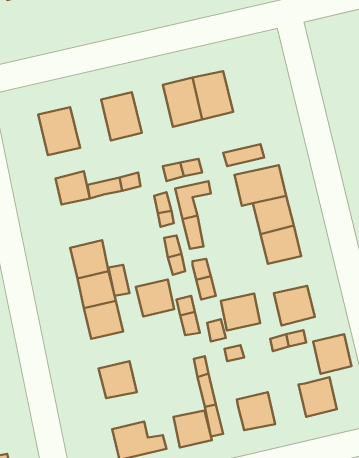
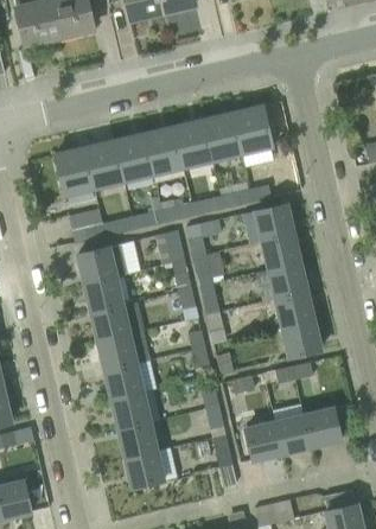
building: none -> [232,107,273,153]
building: none -> [145,127,185,183]
building: none -> [85,141,125,187]
building: none -> [78,243,128,283]
building: [136,279,174,316] -> [106,364,142,400]
building: [221,294,260,331] -> [275,292,313,327]
building: [313,334,352,374] -> [275,415,312,453]
building: [174,411,212,448] -> [120,422,157,458]

